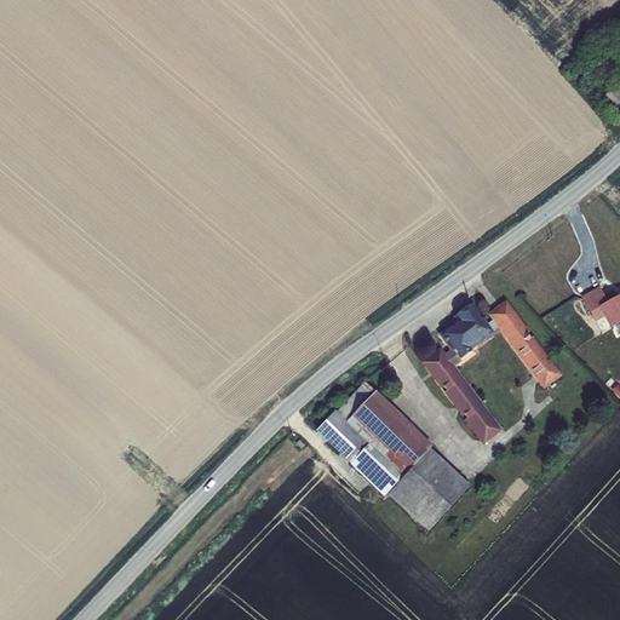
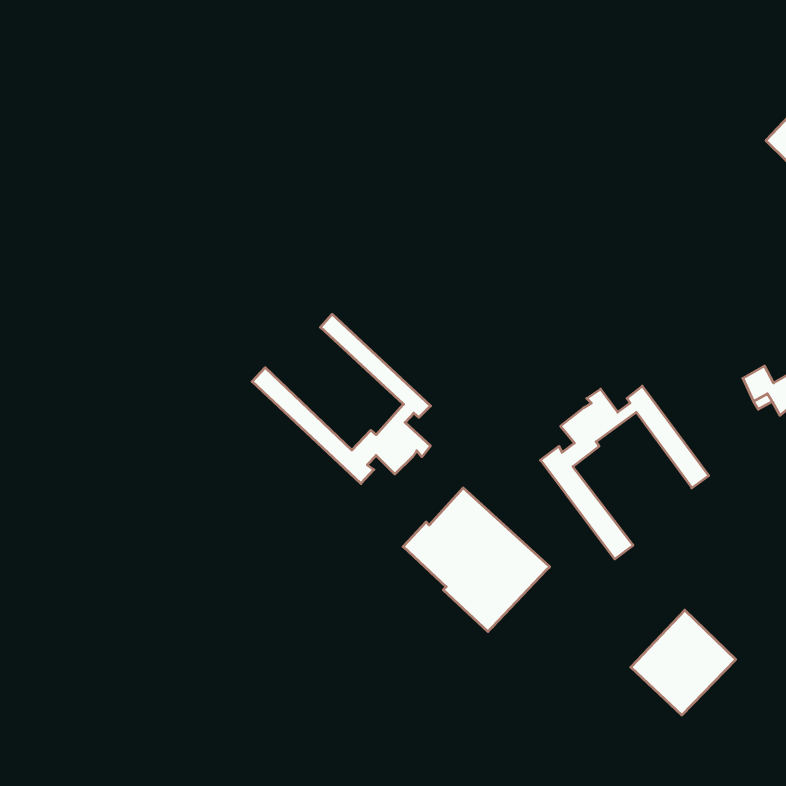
building: none -> [252,314,431,484]
building: [389,447,471,529] -> [631,610,736,715]

